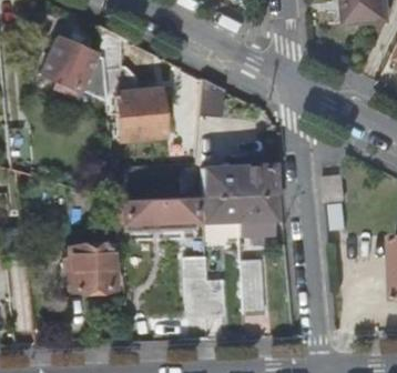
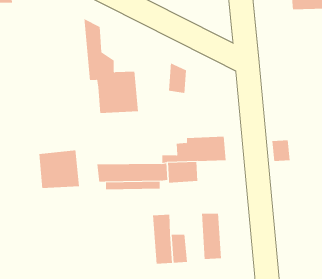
building: [42,38,96,92] -> none
building: [235,196,273,239] -> none
building: [68,249,116,294] -> [39,150,80,189]

